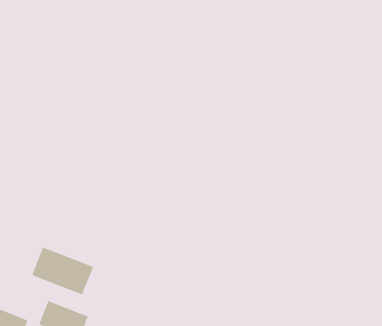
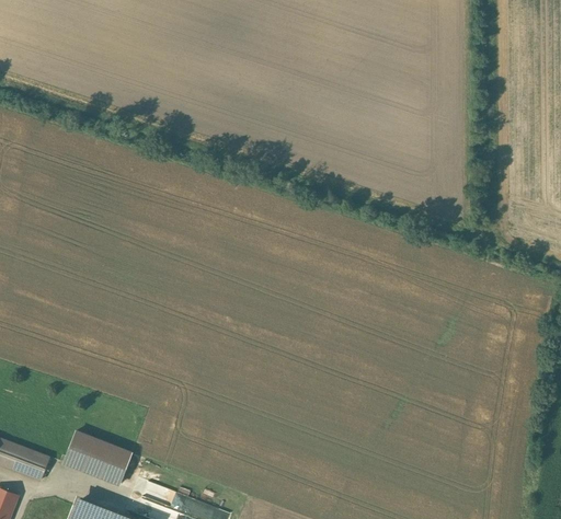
building: [31,246,94,296] -> none

